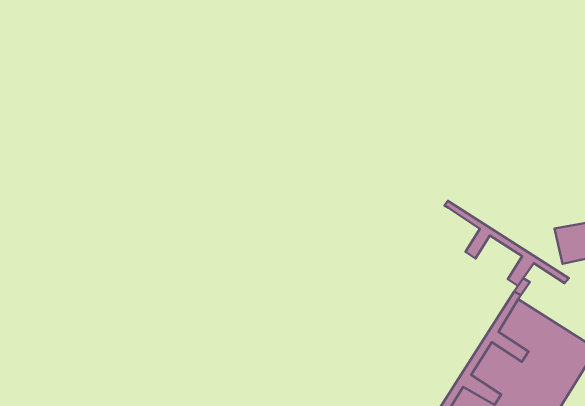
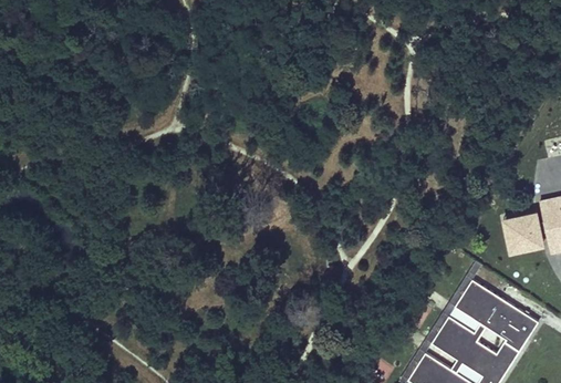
building: [445,201,569,286] -> none

